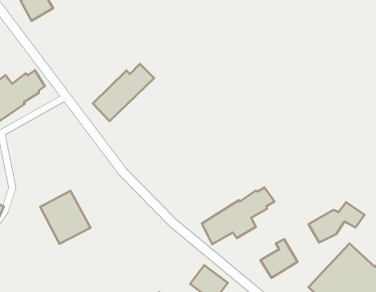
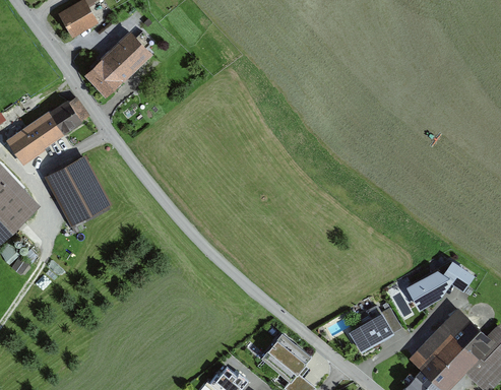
building: [93,64,154,121] -> [85,26,160,95]
building: [202,187,274,244] -> none
building: [40,191,91,244] -> [48,157,109,221]

